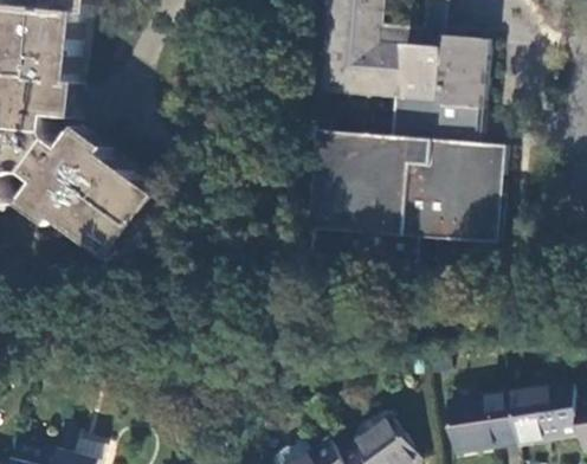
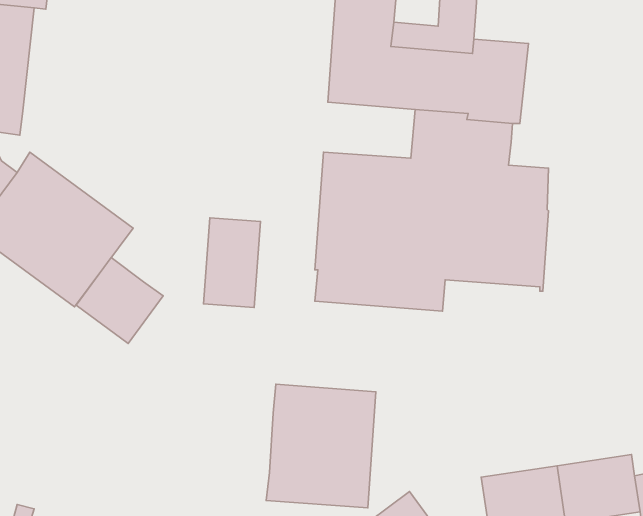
building: none -> [204,218,261,308]
building: none -> [76,258,163,343]
building: none -> [266,384,376,508]

